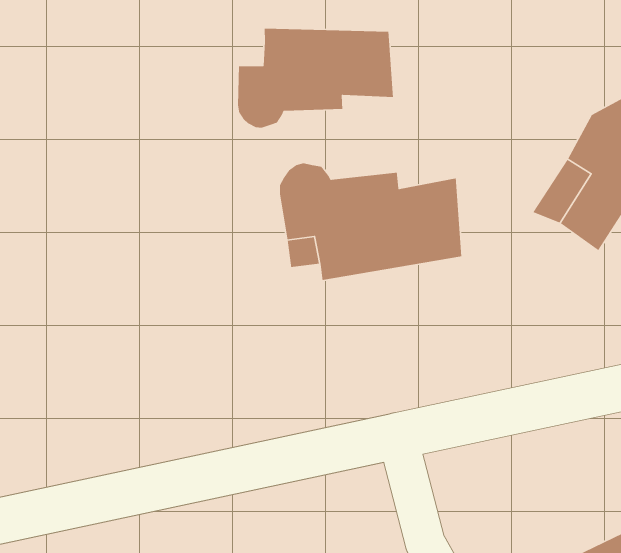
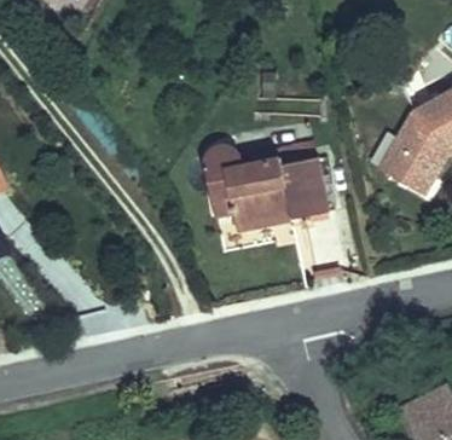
building: [237,28,394,129] -> none

